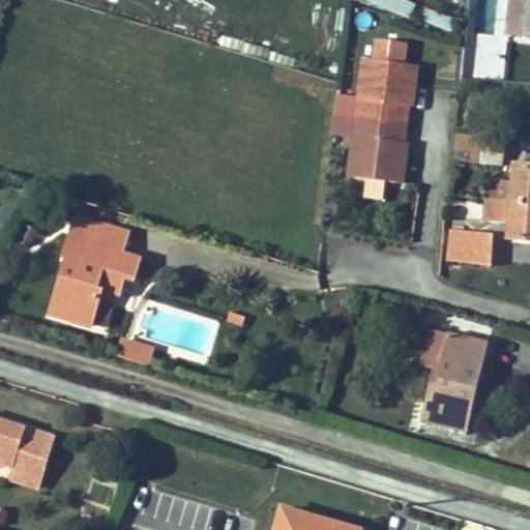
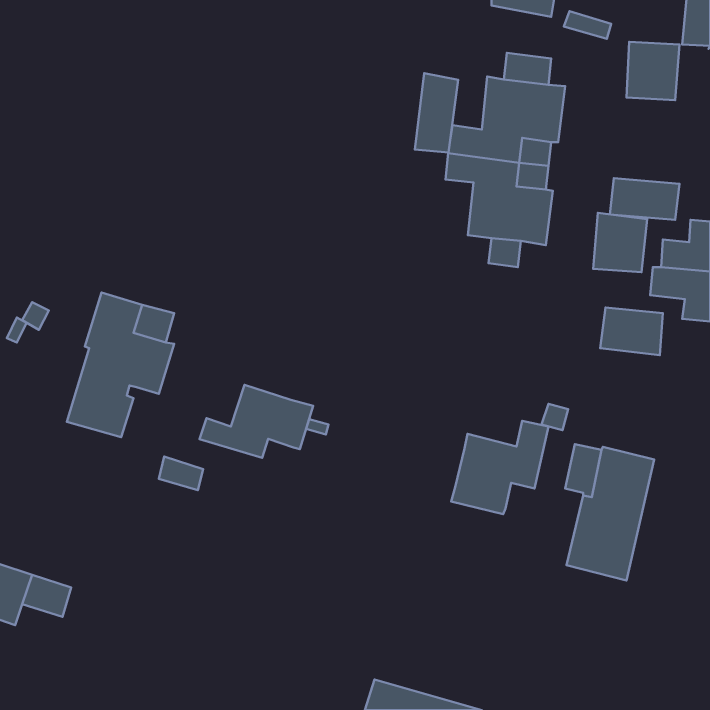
building: none -> [415,73,458,153]
building: none -> [593,213,647,272]
building: none -> [200,385,313,458]
building: none -> [451,421,549,514]
building: [8,449,47,488] -> none

